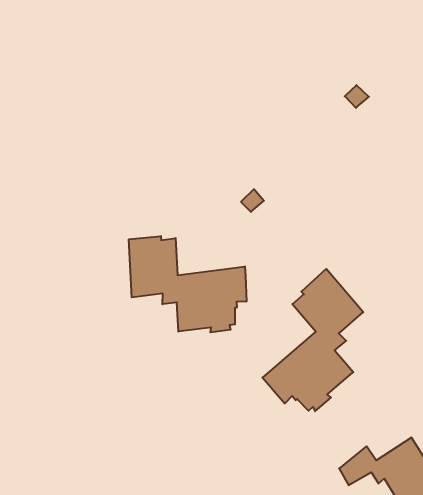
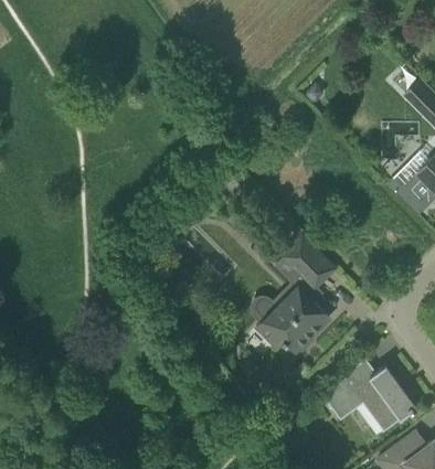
building: [129,236,247,332] -> none

